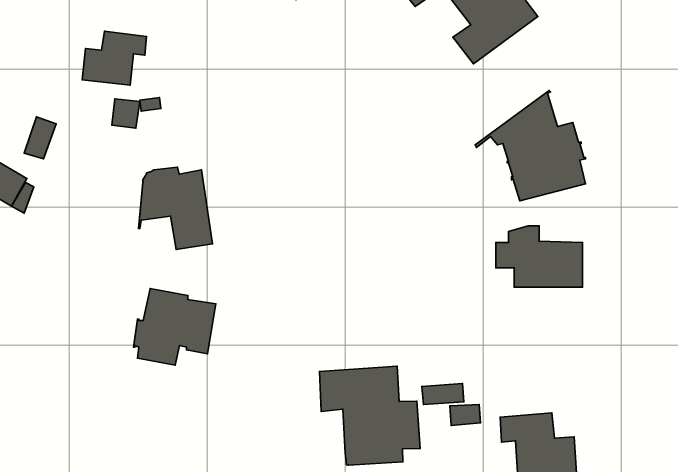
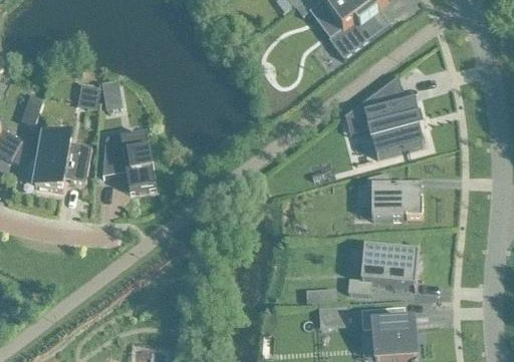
building: [82,31,147,85] -> none
building: [133,288,216,365] -> [31,135,90,191]
building: none -> [346,247,418,295]
building: [320,366,420,465] -> none

